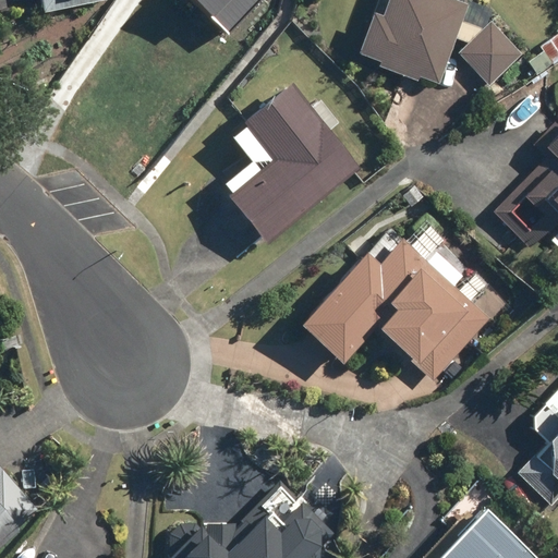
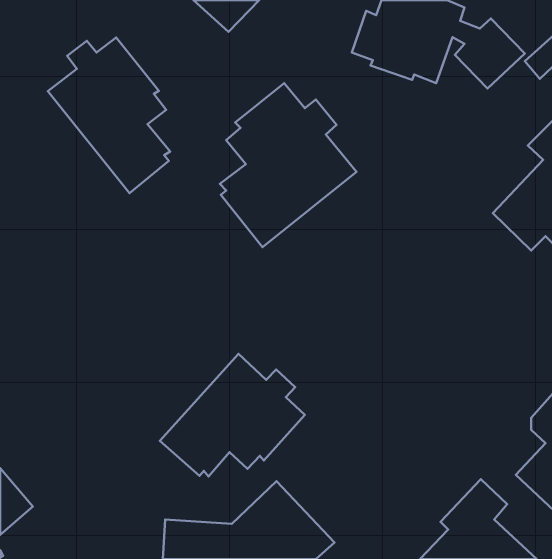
building: none -> [48,38,170,193]
building: [298,238,490,378] -> none
building: none -> [160,354,305,476]

